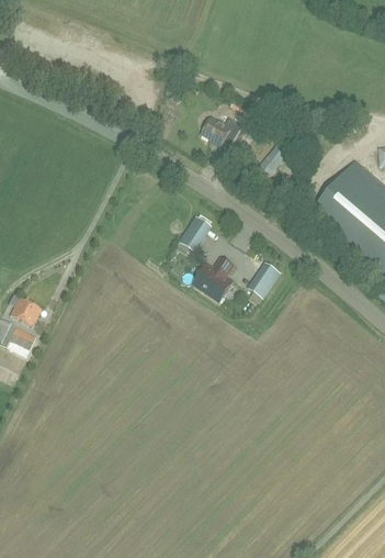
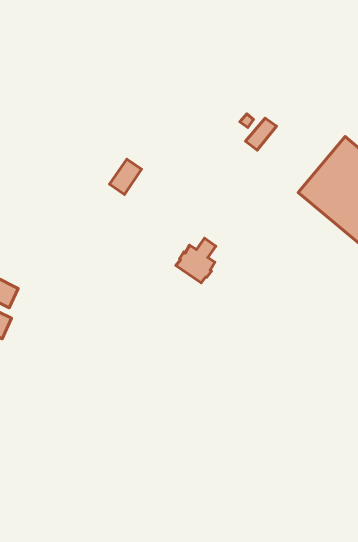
building: [202,116,242,148] -> none
building: [179,216,210,250] -> [110,159,142,194]
building: [249,264,279,297] -> none

